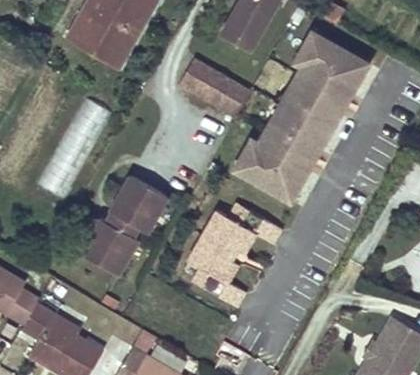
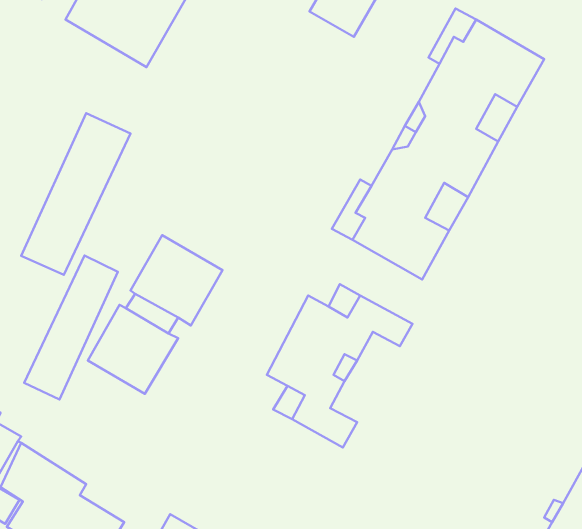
building: [178,58,251,116] -> none
building: none -> [24,256,118,399]

